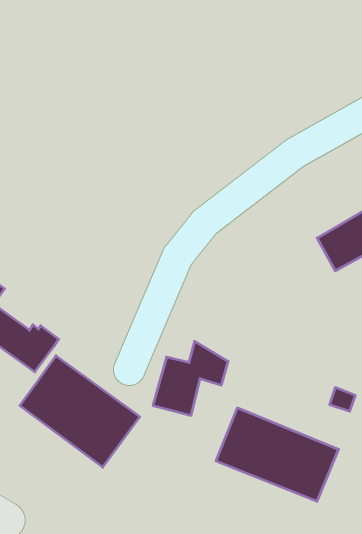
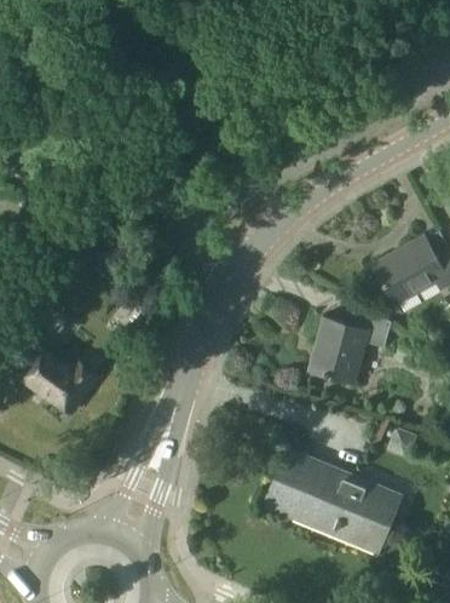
building: [153,341,228,415] -> [311,302,392,381]
building: [20,356,140,467] -> none

